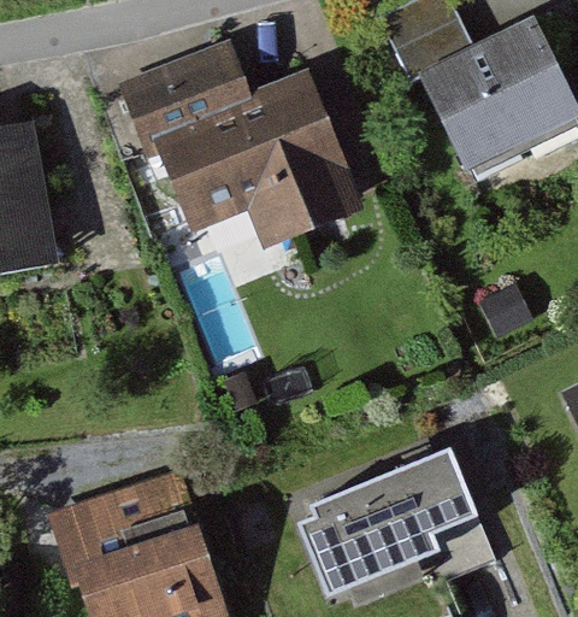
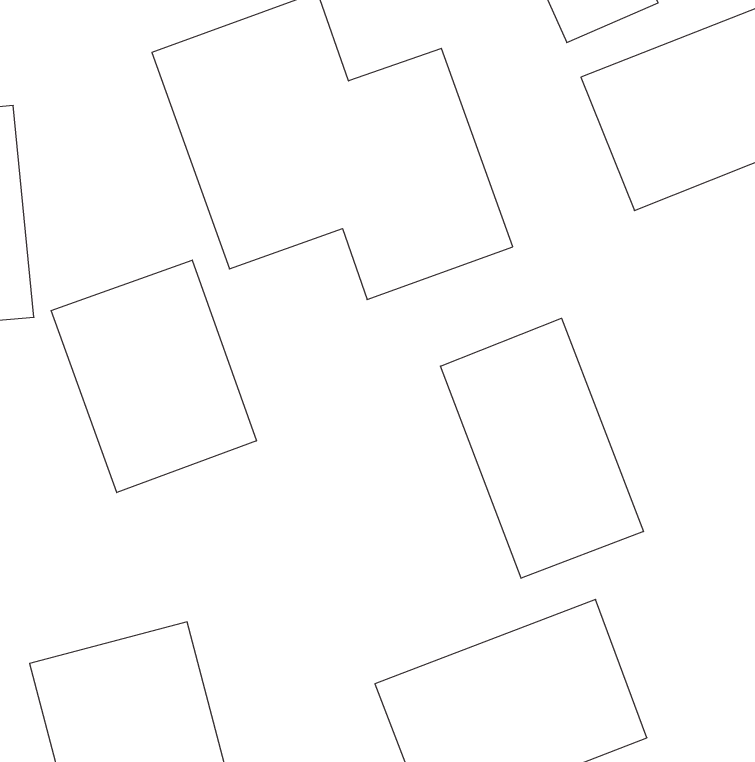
building: none -> [51,260,256,493]
building: none -> [440,318,643,578]

